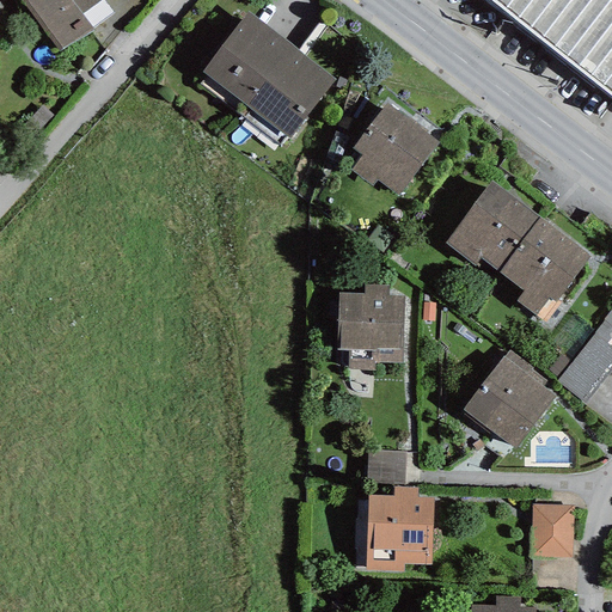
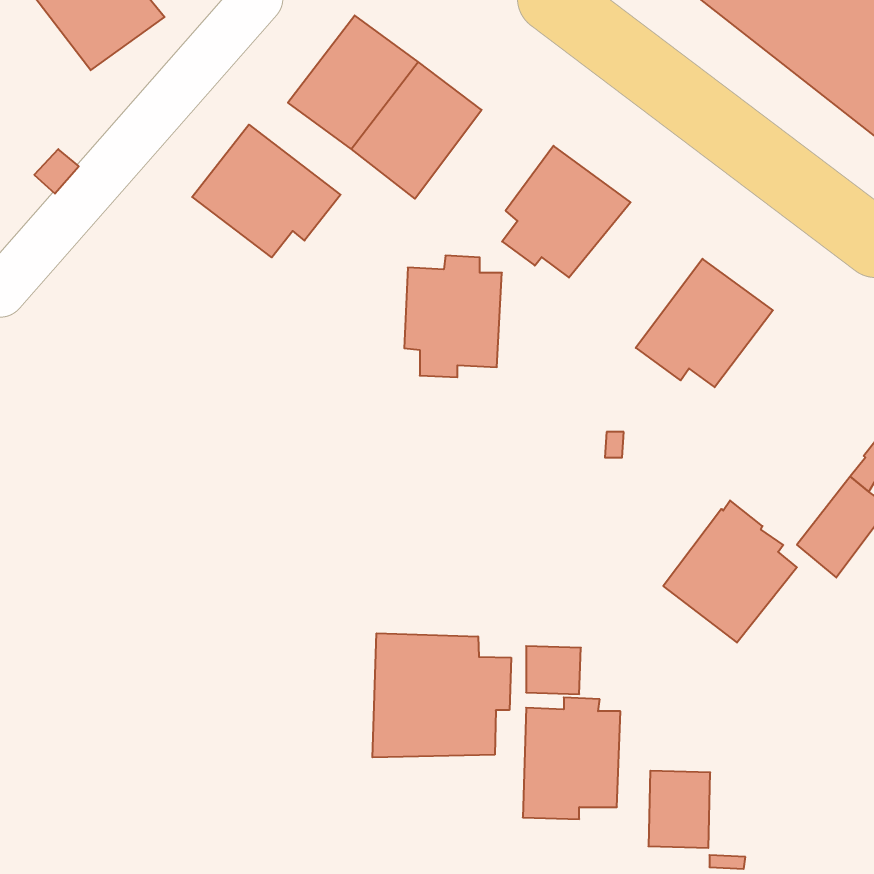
building: none -> [192,125,341,257]
building: [500,216,590,320] -> none
building: [337,283,405,368] -> [404,256,502,377]
building: none -> [372,633,511,757]
building: [531,503,574,557] -> [648,771,710,848]

